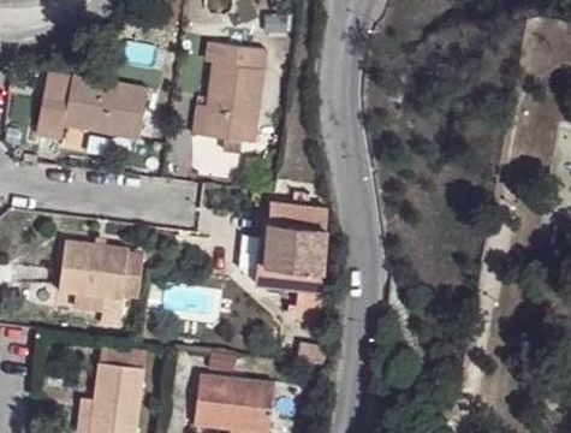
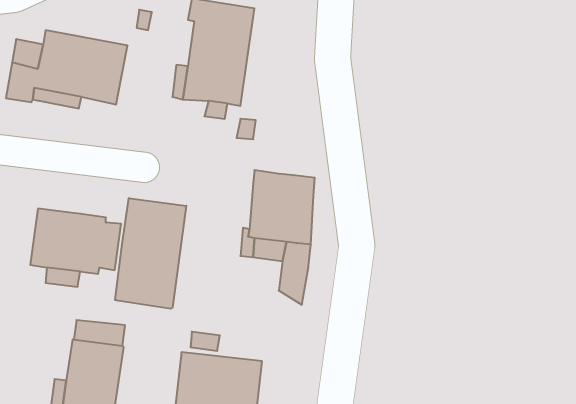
building: none -> [115,198,186,309]

